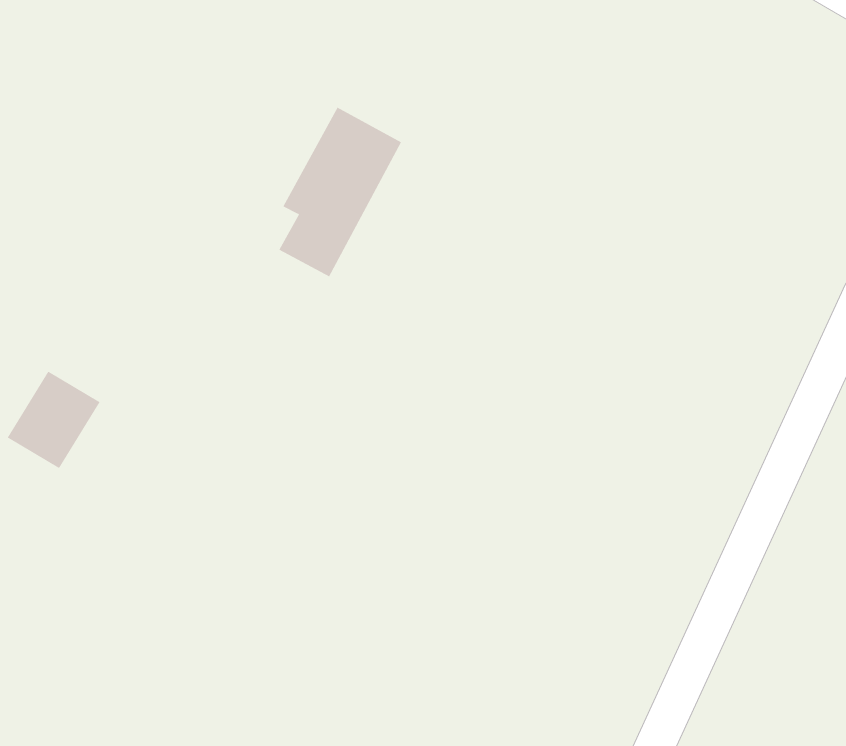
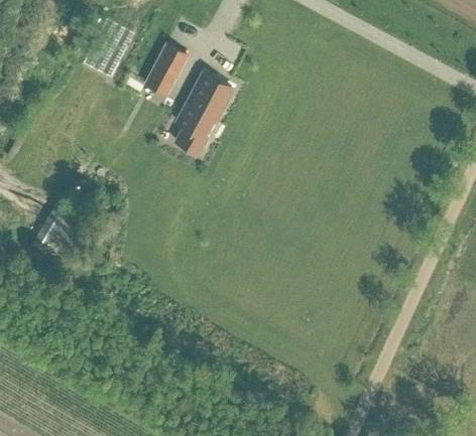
building: none -> [142,43,188,98]

